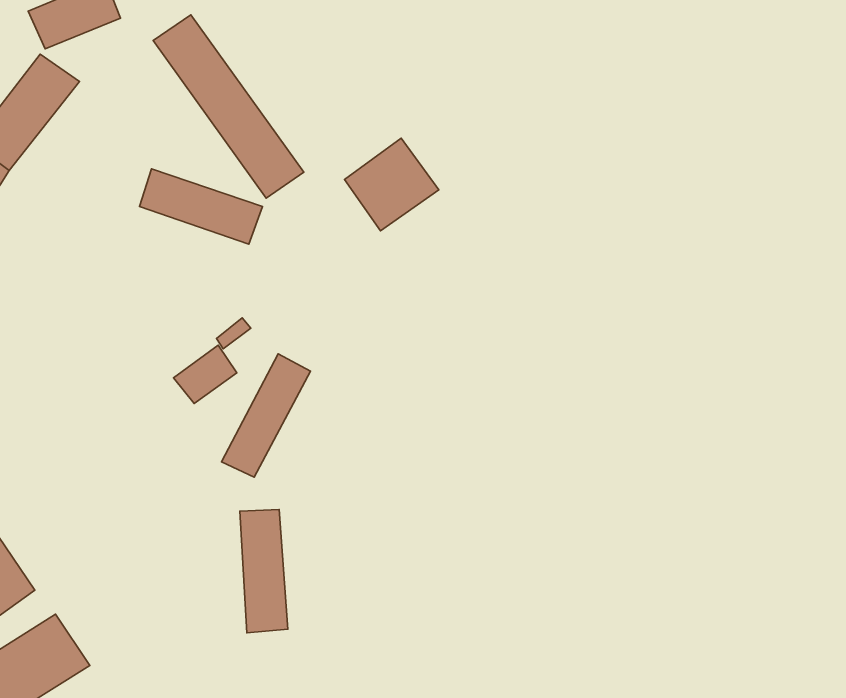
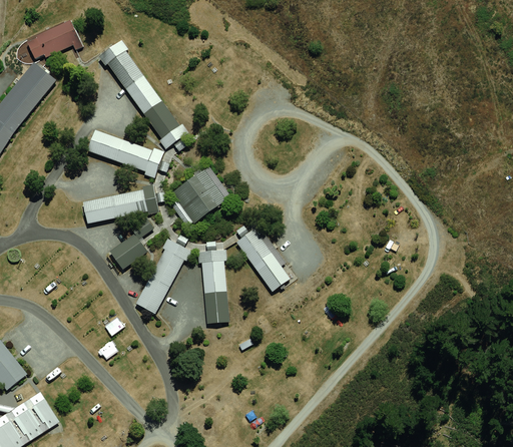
building: [345,138,439,231] -> [171,169,226,223]
building: none -> [84,187,156,225]
building: none -> [235,225,293,293]
building: [240,509,288,633] -> [202,250,230,322]

